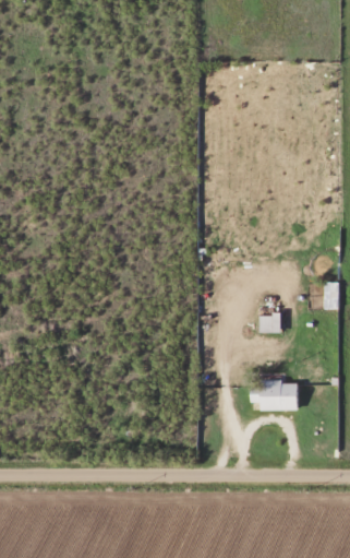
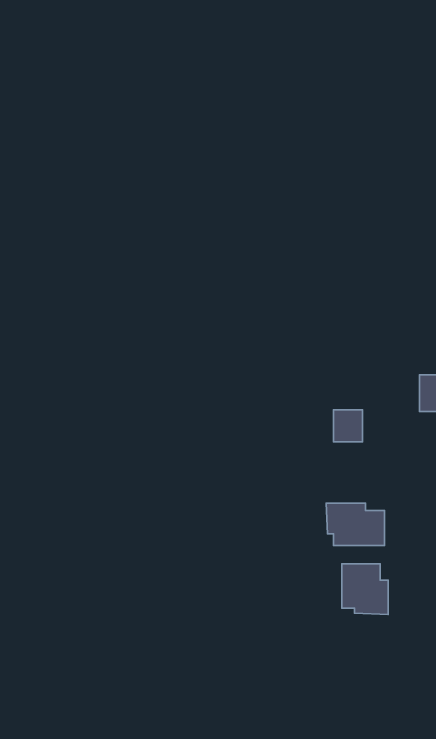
building: none -> [342,564,388,614]

